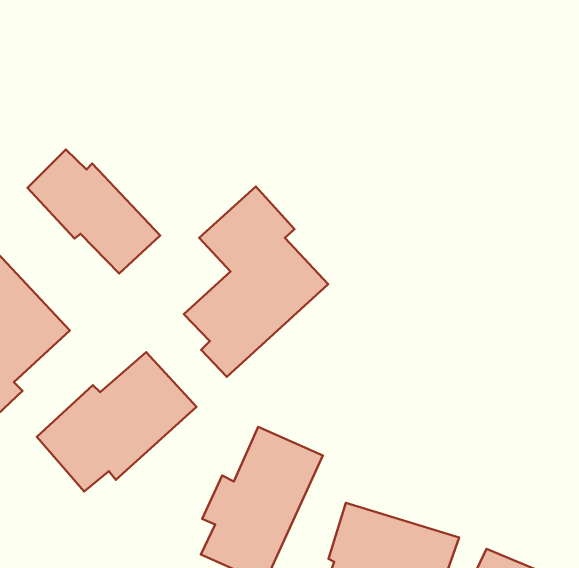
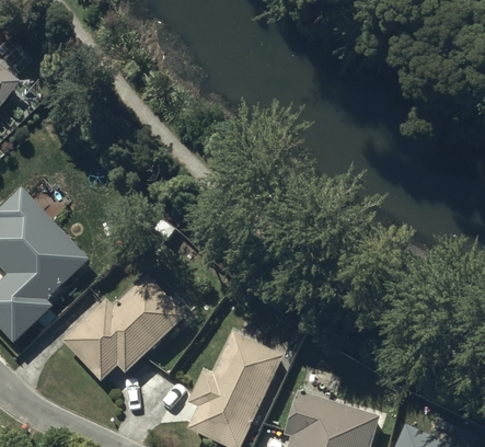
building: [27,150,160,274] -> none
building: [184,186,328,377] -> none

